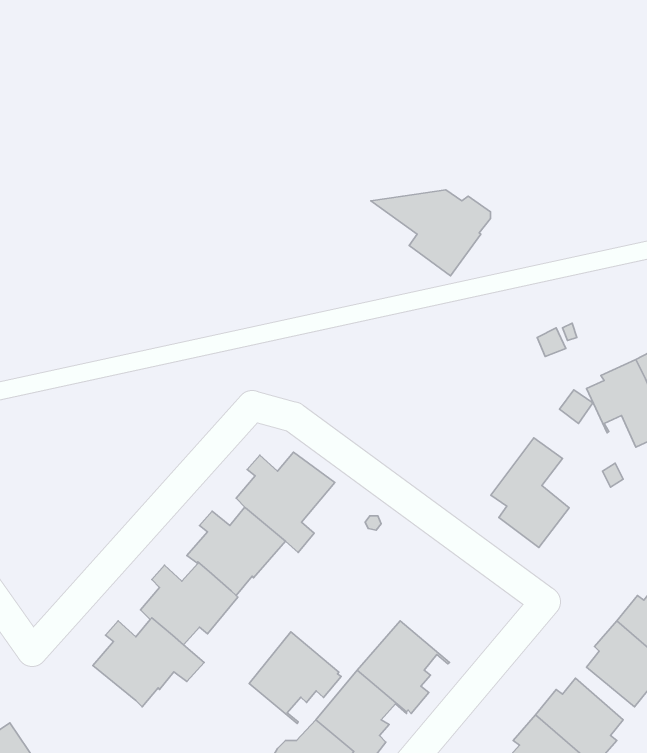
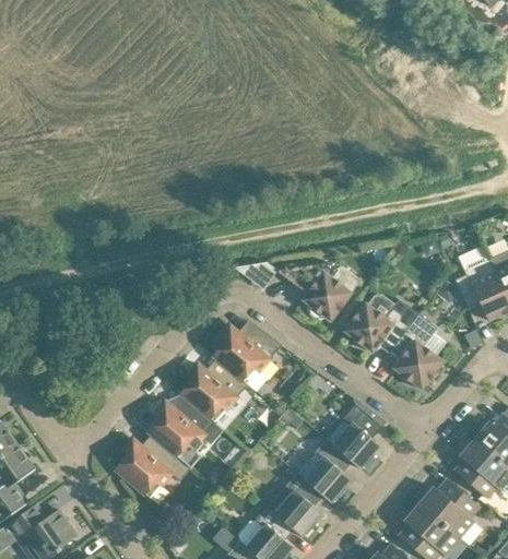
building: [371,190,490,276] -> [276,262,358,321]
building: none -> [345,299,418,353]
building: none -> [327,404,382,468]
building: [249,632,341,724] -> none

